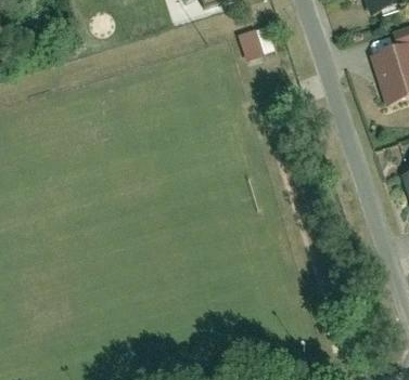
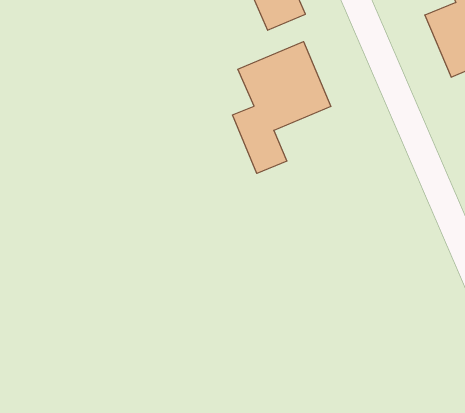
building: none -> [232,42,331,173]

